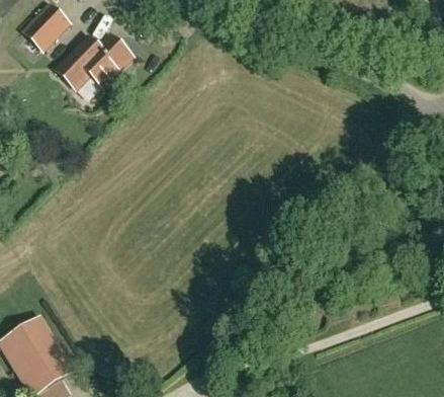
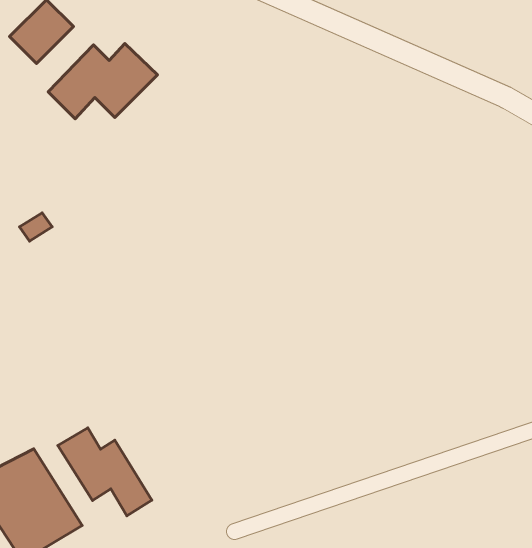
building: none -> [58,428,152,516]

